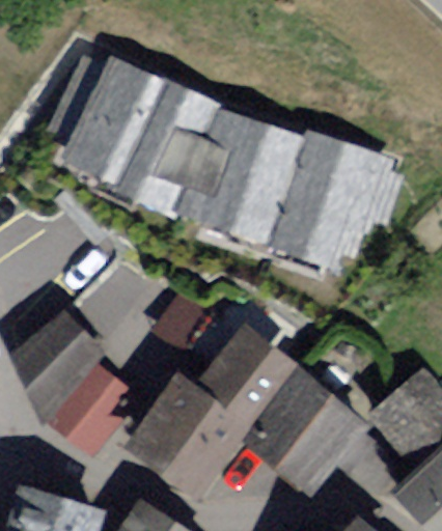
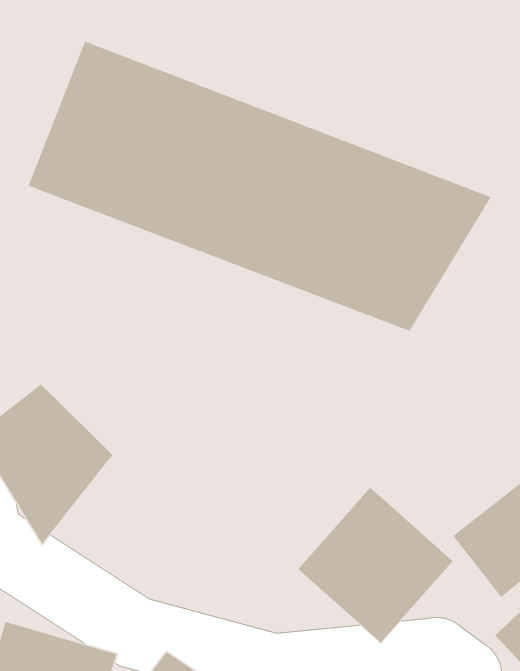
building: [204,331,299,426] -> none
building: [48,371,134,465] -> none
building: [126,380,249,504] -> none

